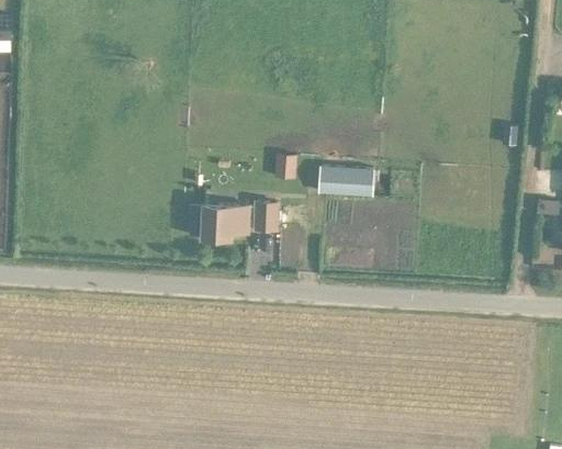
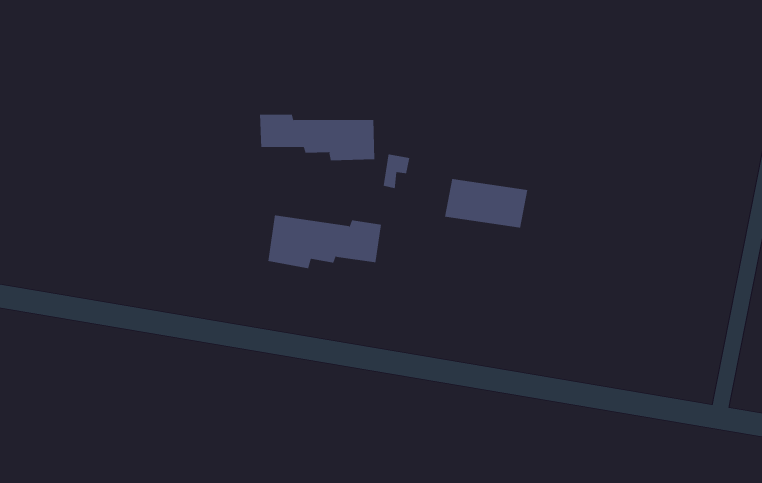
building: none -> [260,114,375,161]

